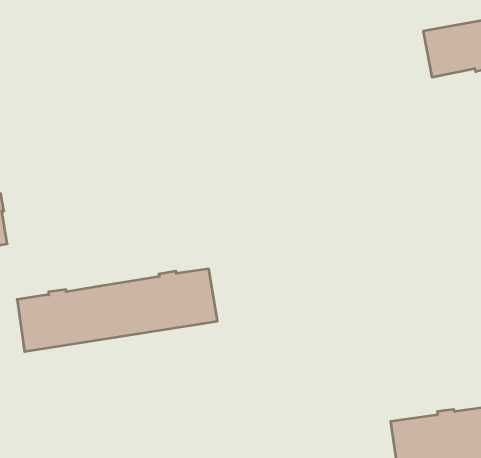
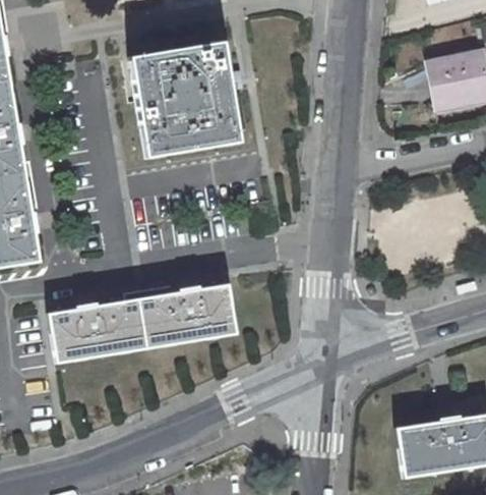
building: none -> [130,42,239,157]

